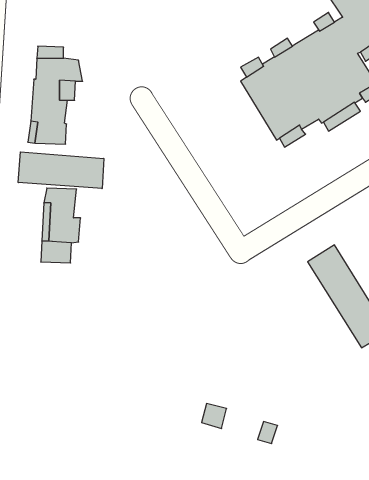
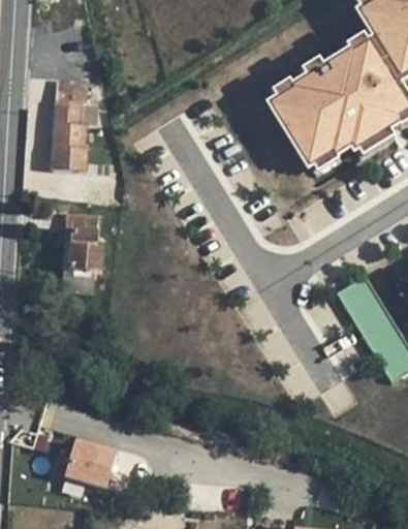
building: [18,152,104,189] -> none
building: none -> [64,441,116,487]

